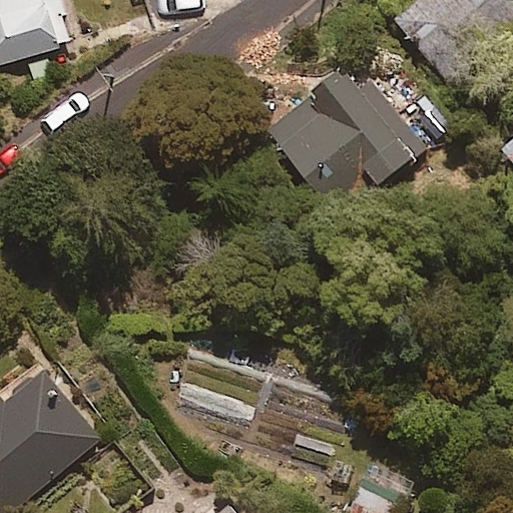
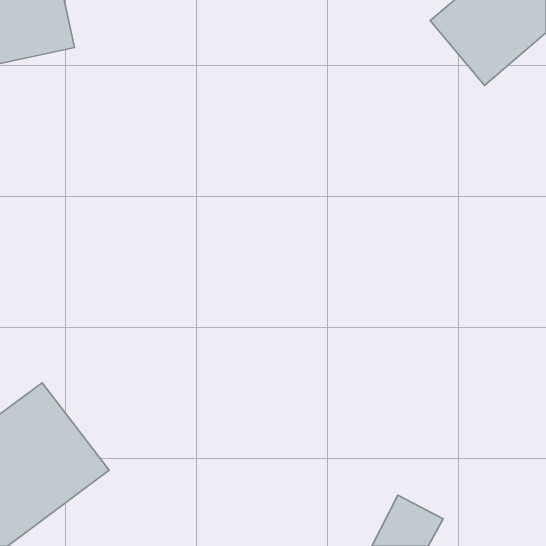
building: [269,73,425,197] -> none

